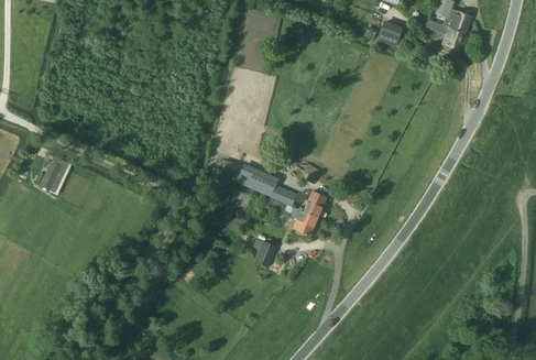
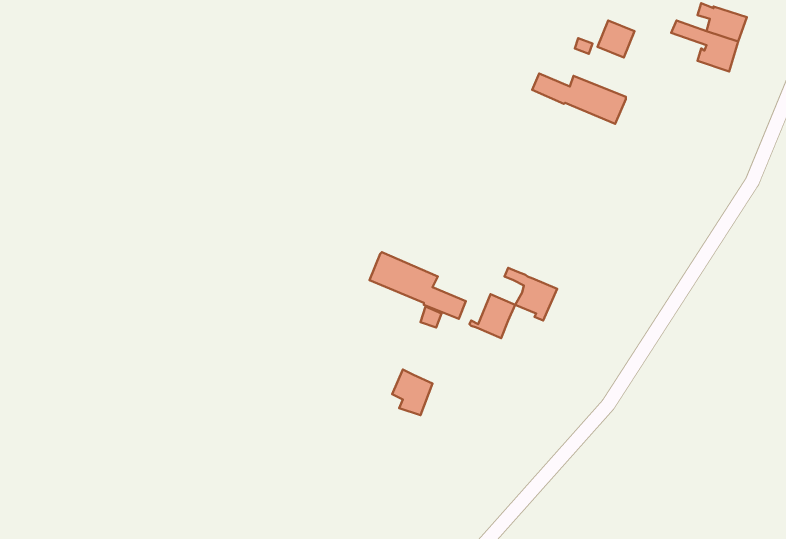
building: none -> [532,74,626,124]
building: [40,156,68,193] -> none
building: [285,205,318,238] -> [505,268,557,320]

